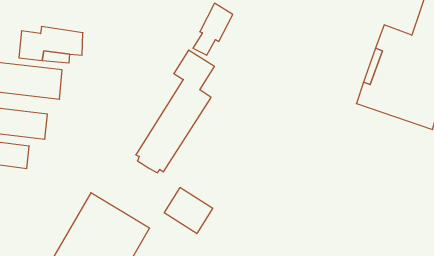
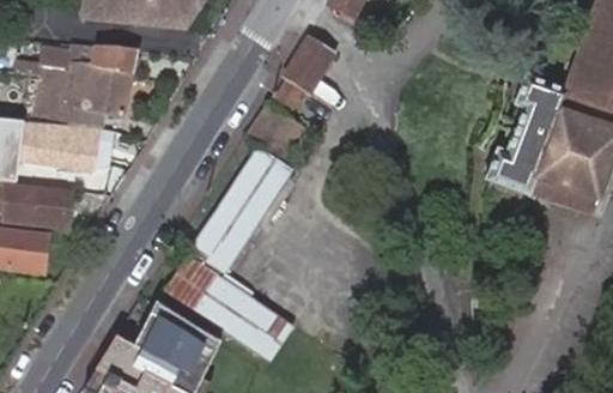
building: none -> [41,47,126,79]
building: none -> [171,253,256,328]

